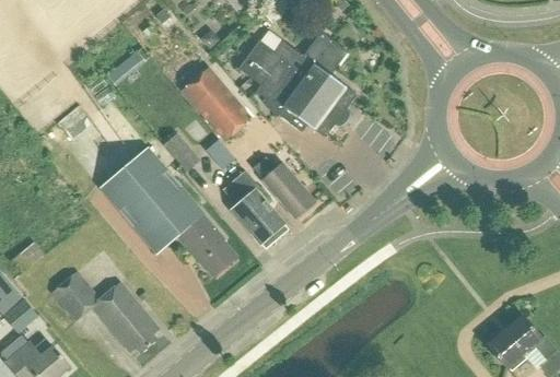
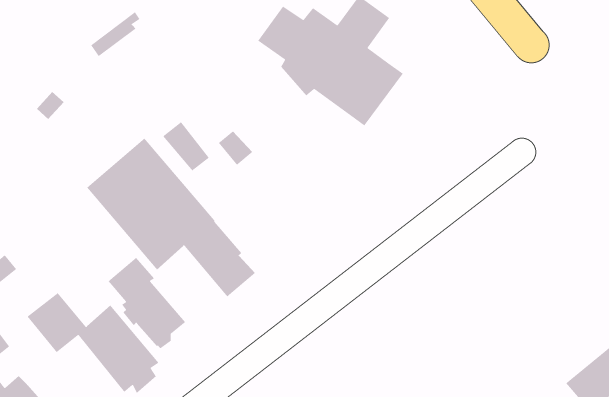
building: [180,68,252,142] -> none
building: [254,158,313,217] -> none
building: [221,172,284,246] -> [108,257,186,349]

